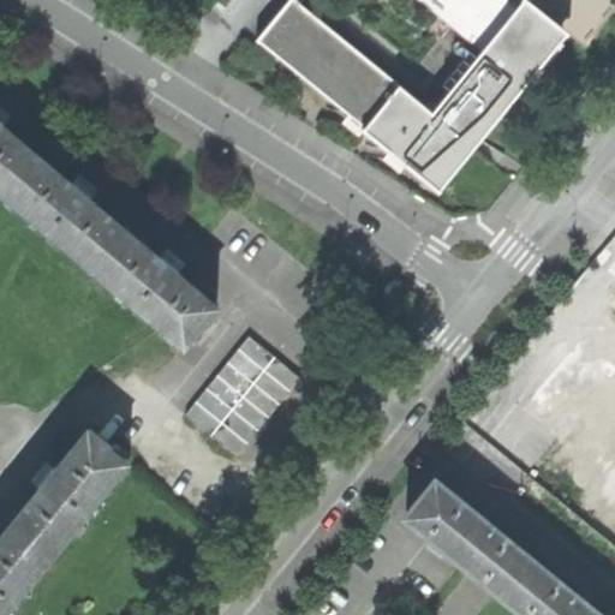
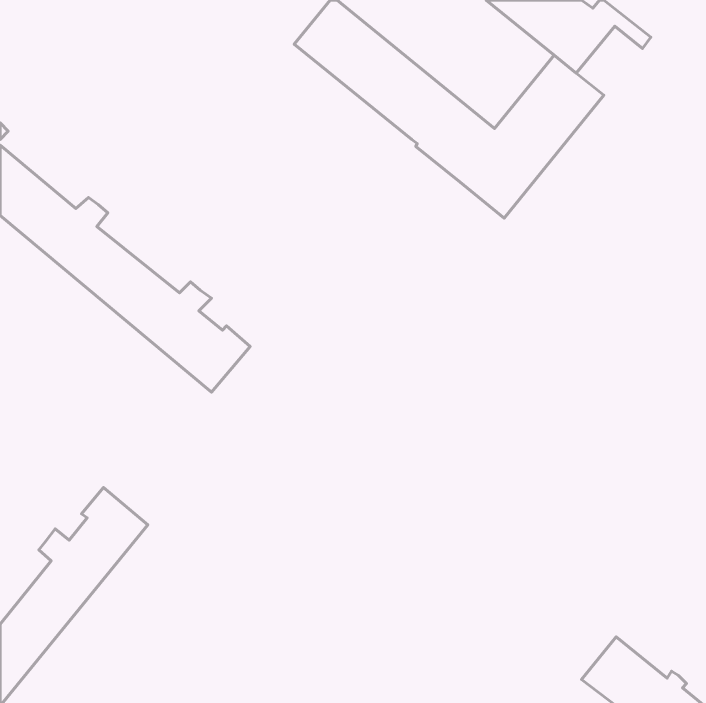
building: [501,25,561,88] -> none
building: [186,333,300,453] -> none
building: [410,478,536,593] -> none

